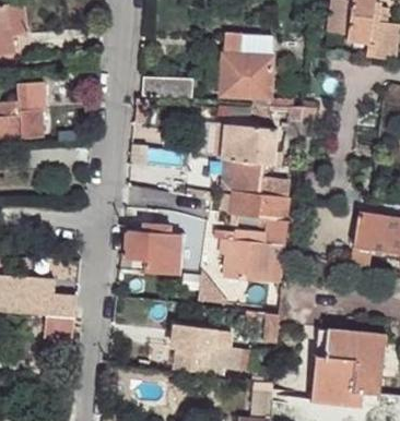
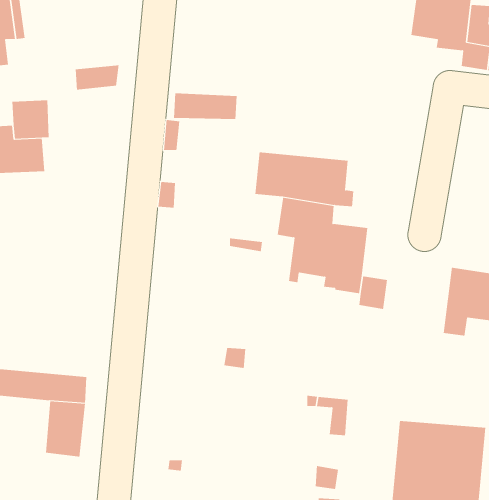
building: [220,34,272,105] -> none
building: [125,225,181,276] -> none
building: [221,230,286,279] -> none
building: [169,323,231,376] -> none

